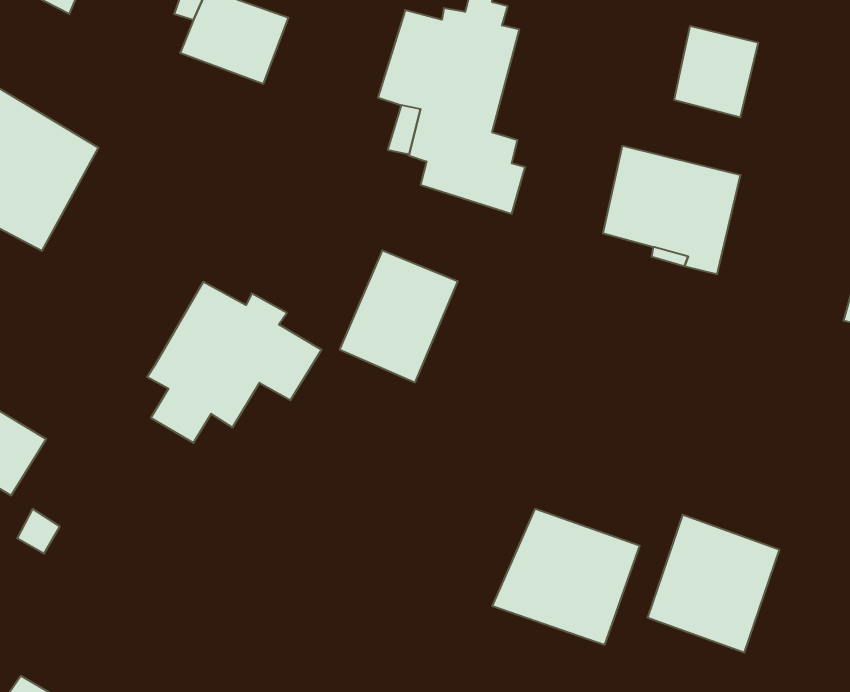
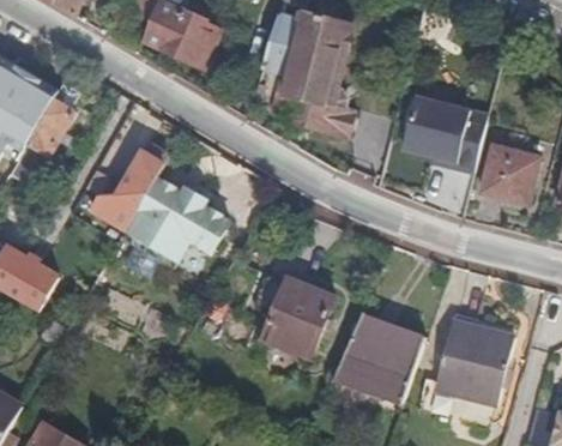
building: [674,26,758,118] -> none
building: none -> [90,141,169,230]
building: none -> [481,144,537,203]
building: [340,250,458,382] -> [261,277,334,358]

